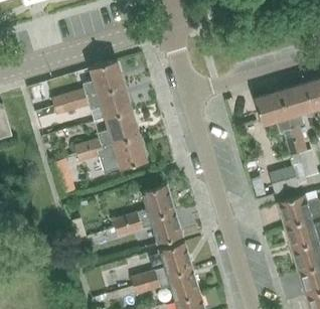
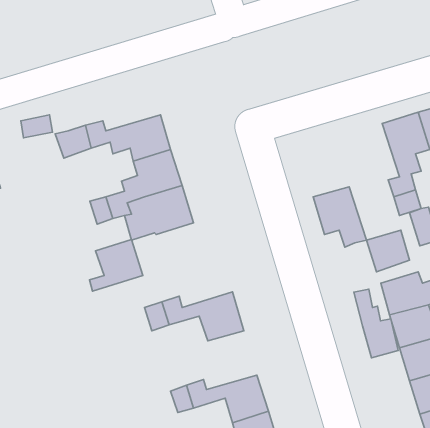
building: [82,60,124,97] -> none
building: [254,92,291,134] -> [313,187,366,247]
building: [137,184,174,220] -> [90,239,143,291]
building: none -> [354,289,398,358]
building: [154,243,191,278] -> none

